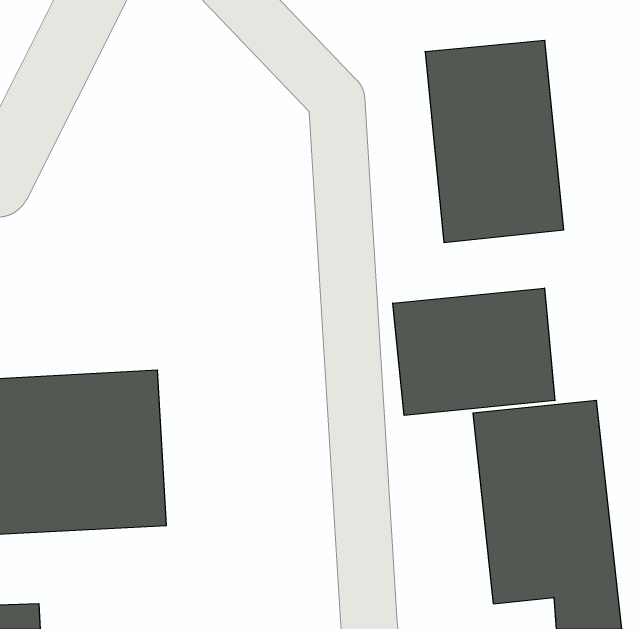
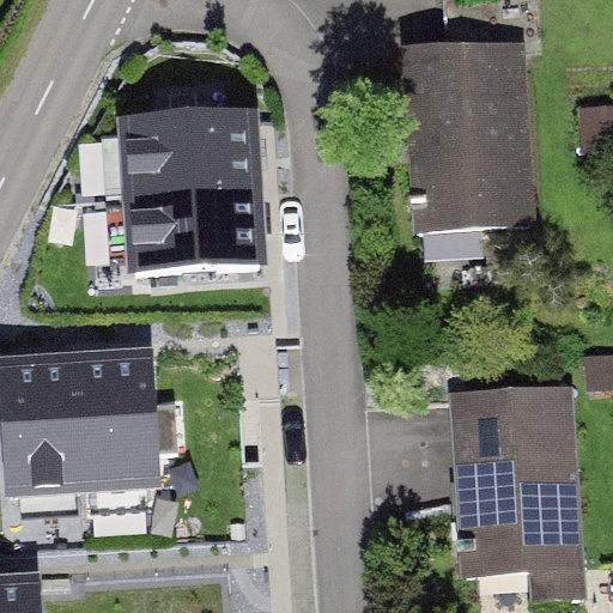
building: none -> [99,109,259,287]
building: [393,288,555,415] -> none

